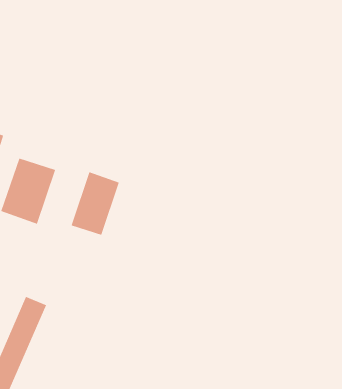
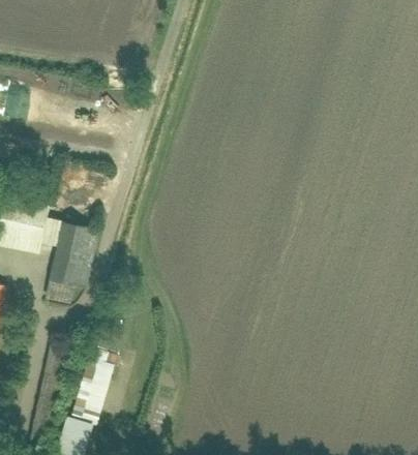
building: [70,171,120,236] -> none

